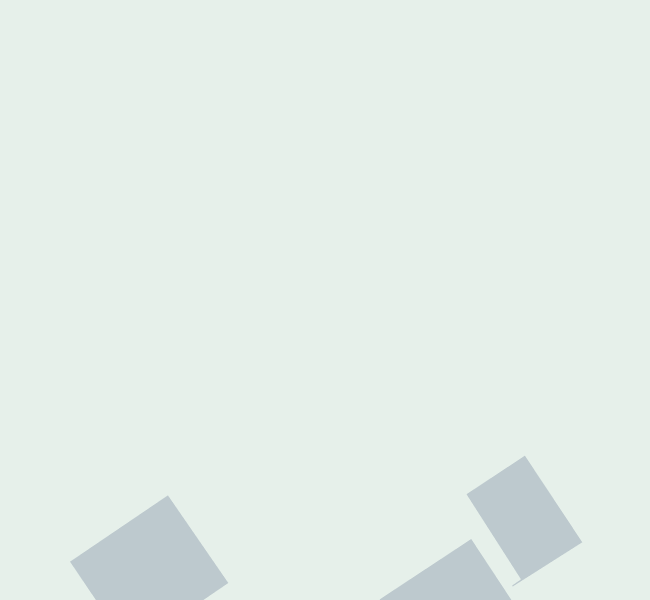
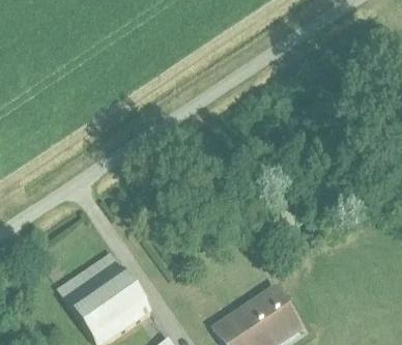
building: [456,454,583,588] -> none

